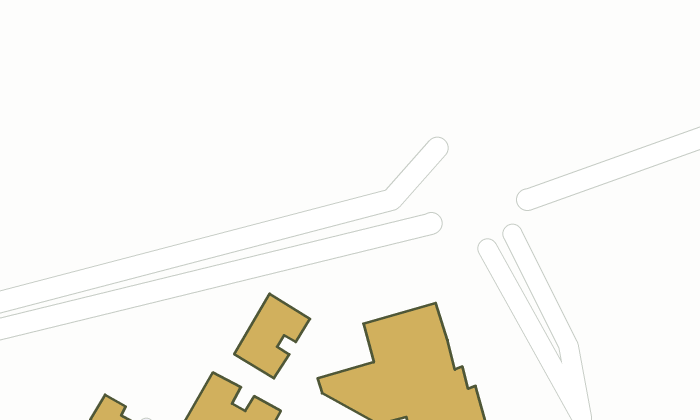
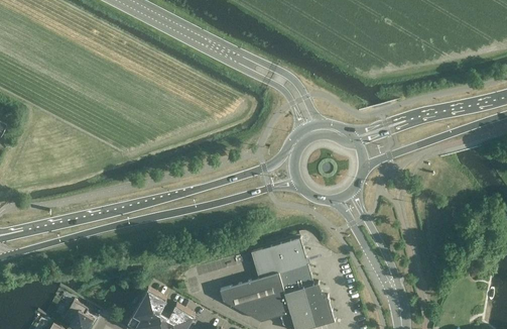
building: [234,294,310,378] -> none

